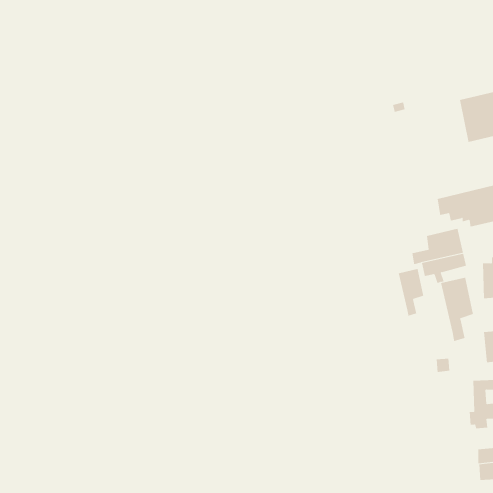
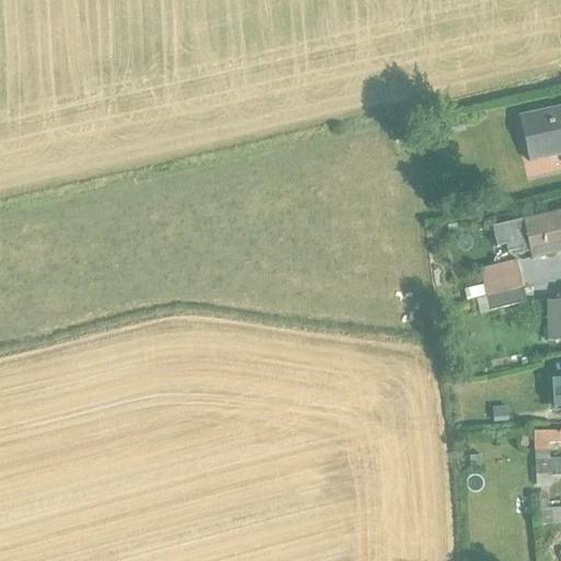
building: [398,268,424,316] -> none
building: [440,277,474,342] -> none

